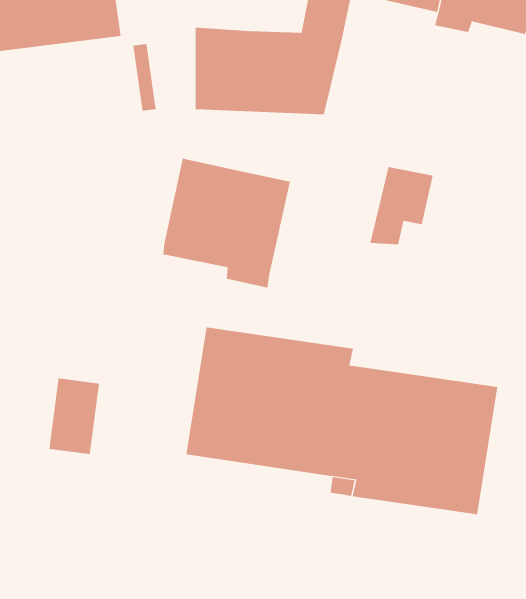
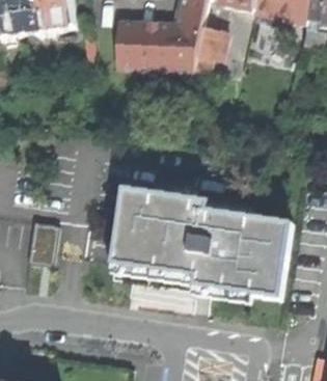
building: [163,158,291,289] -> none
building: [370,166,434,245] -> [191,25,227,70]

